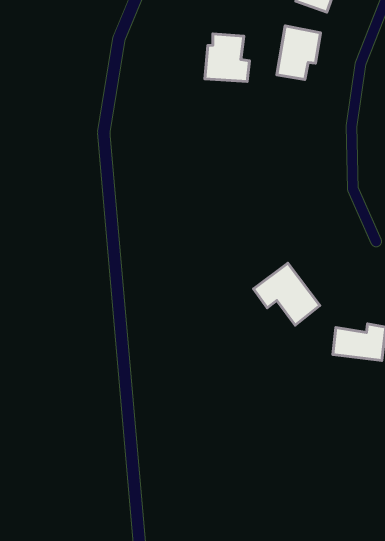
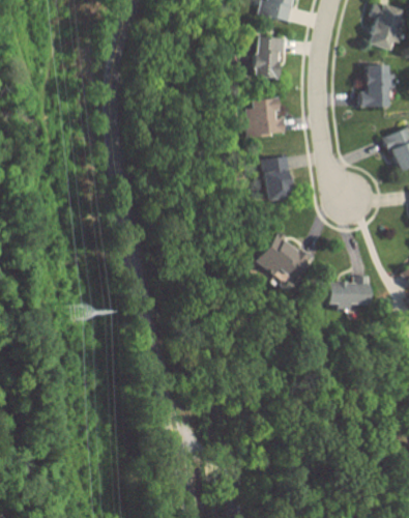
building: [205,34,250,82] -> [249,98,285,138]
building: none -> [264,157,290,198]

